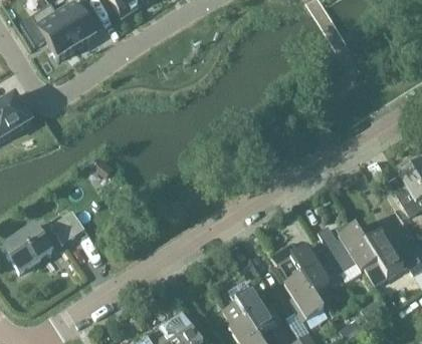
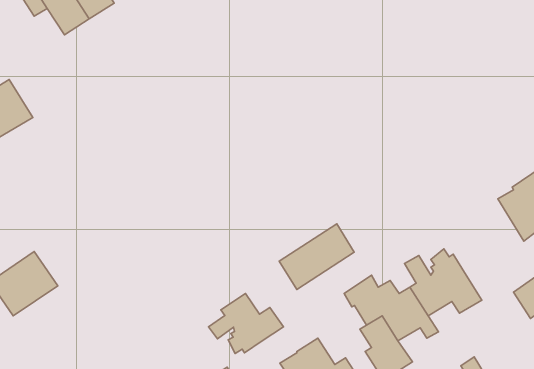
building: none -> [279,224,354,290]
building: [51,211,85,244] -> none
building: [365,232,405,285] -> none
building: none -> [208,294,283,353]

